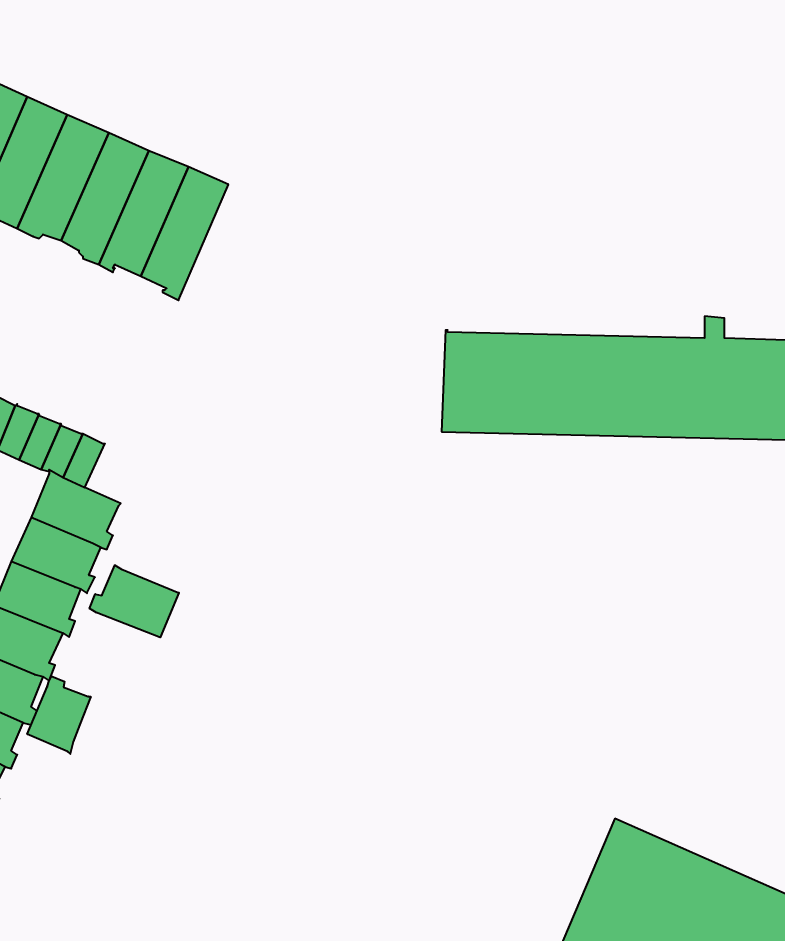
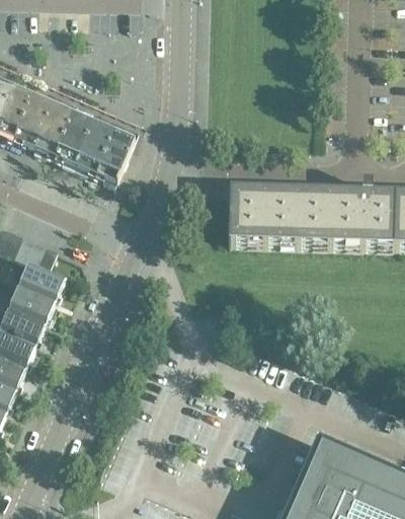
building: none -> [93,117,140,181]
building: [90,565,179,637] -> none
building: [27,676,91,754] -> none

